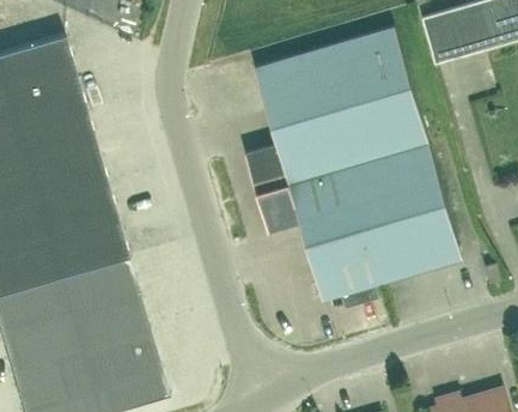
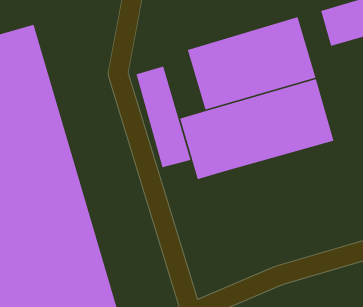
building: none -> [135,66,191,168]
building: [299,183,462,301] -> none

